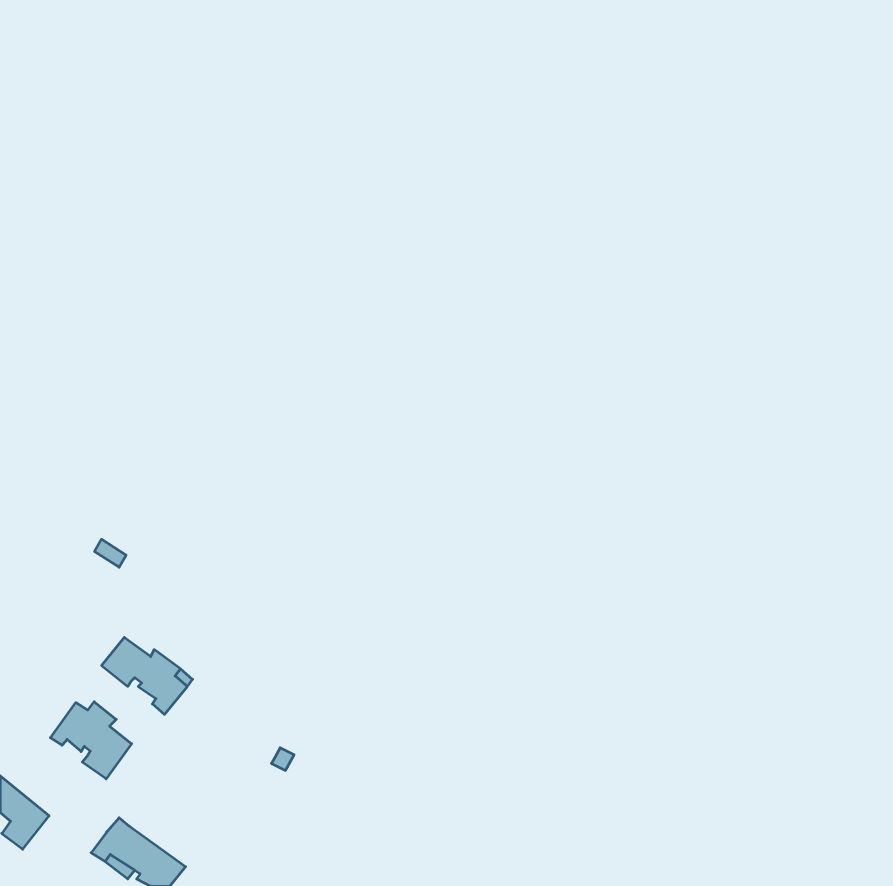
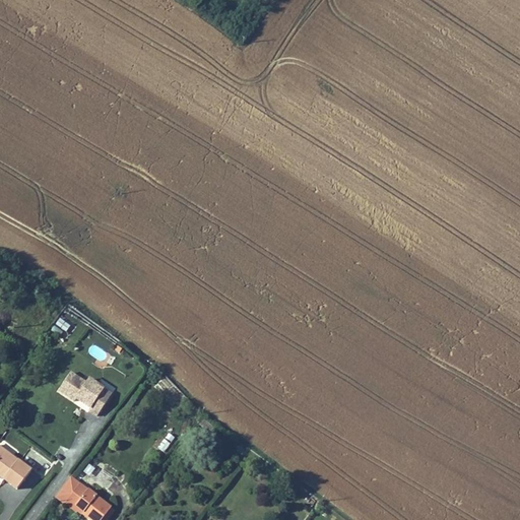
building: [50,702,132,779] -> none

